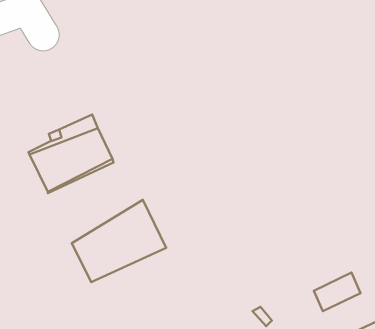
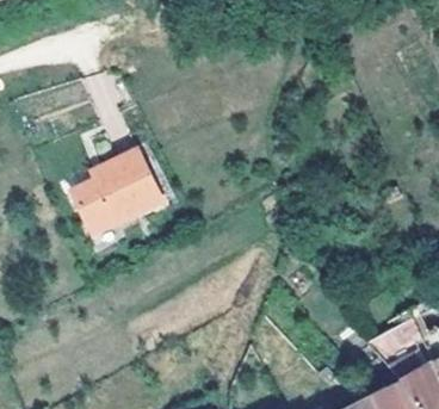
building: [72,200,166,282] -> none

